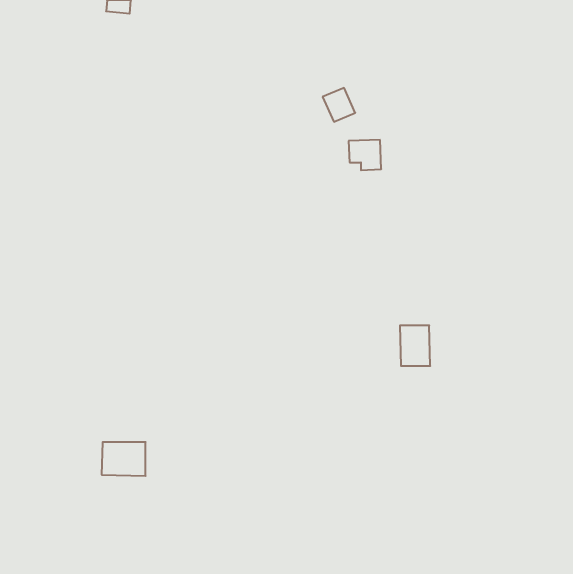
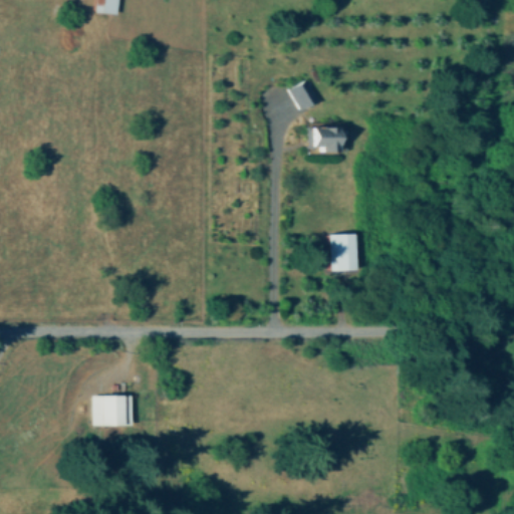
building: [400,325,430,366] -> [330,234,357,270]

